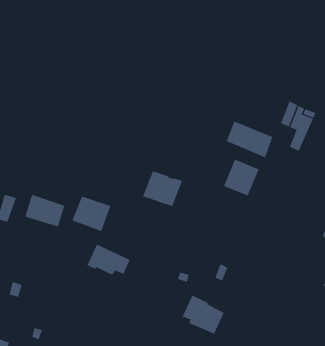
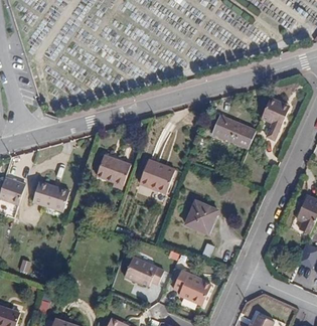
building: [223,159,259,196] -> [184,199,216,232]
building: [71,196,111,232] -> [95,154,130,186]
building: [86,244,131,276] -> [125,256,164,284]

